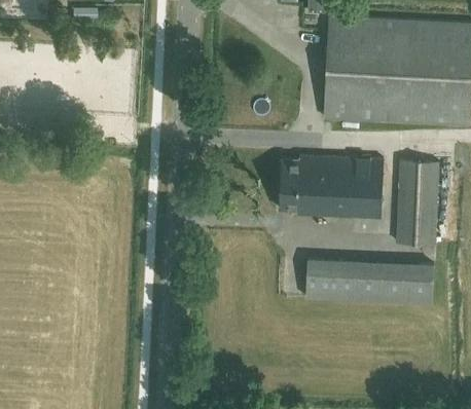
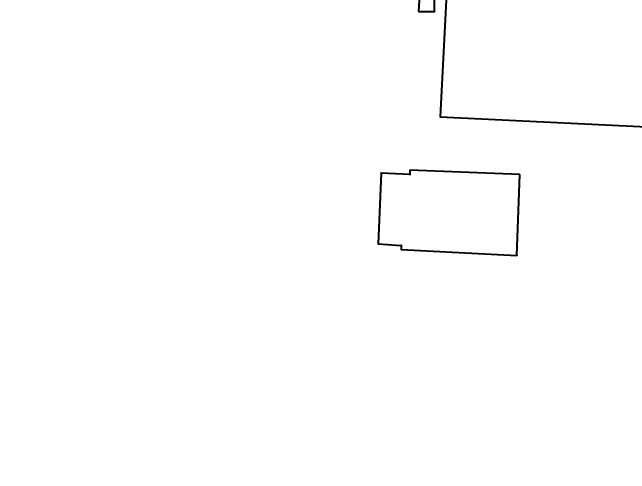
building: [396,160,439,245] -> none
building: [306,259,434,303] -> none

